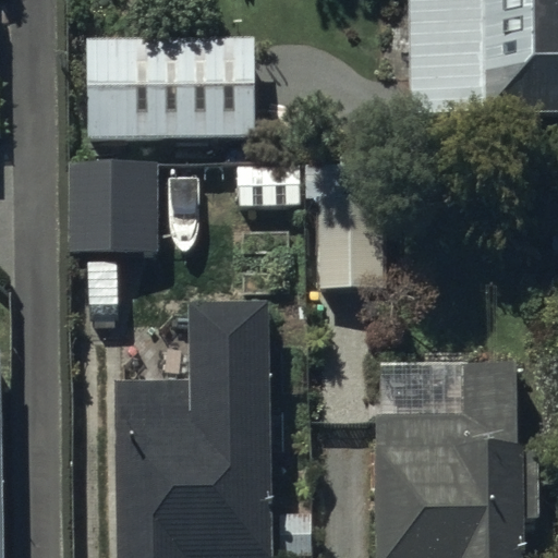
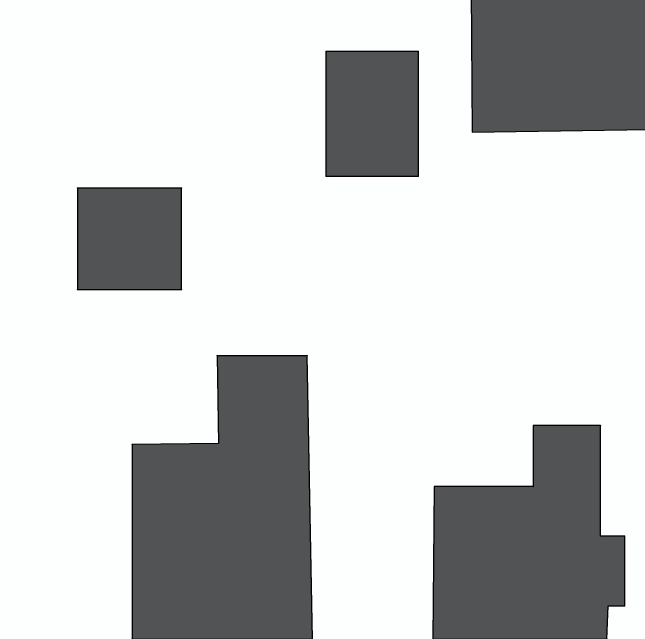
building: [87,38,255,158] -> none
building: none -> [326,51,418,176]

